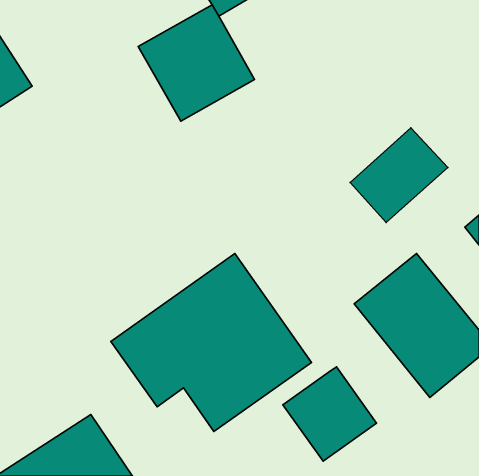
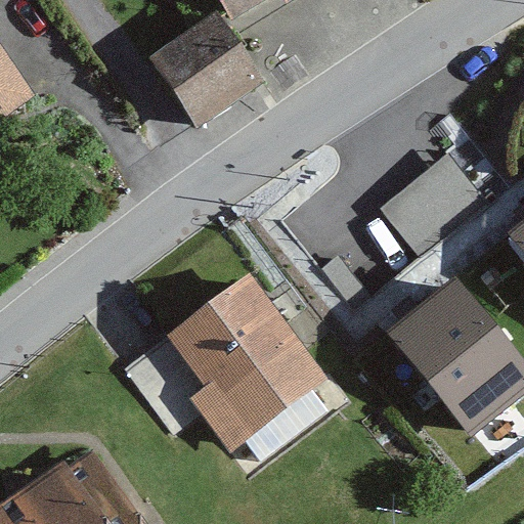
building: [283,367,377,461] -> none

